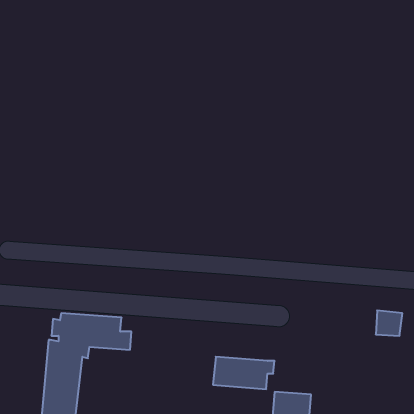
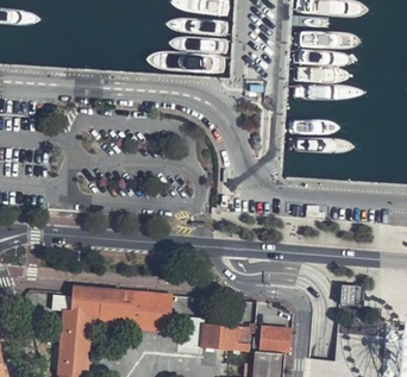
building: none -> [95,290,173,331]
building: none -> [258,327,290,352]

